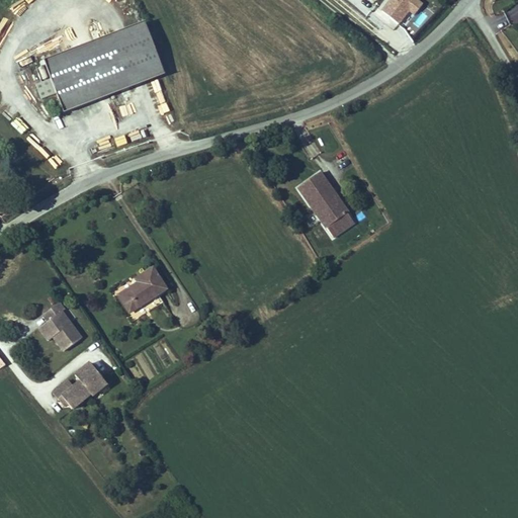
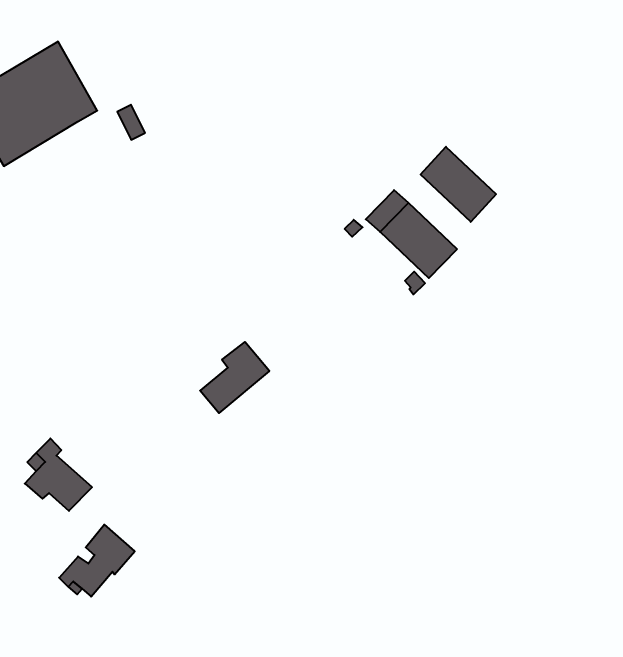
building: [113,22,164,85] -> none
building: none -> [421,147,496,222]
building: [114,266,163,311] -> [200,342,269,413]

